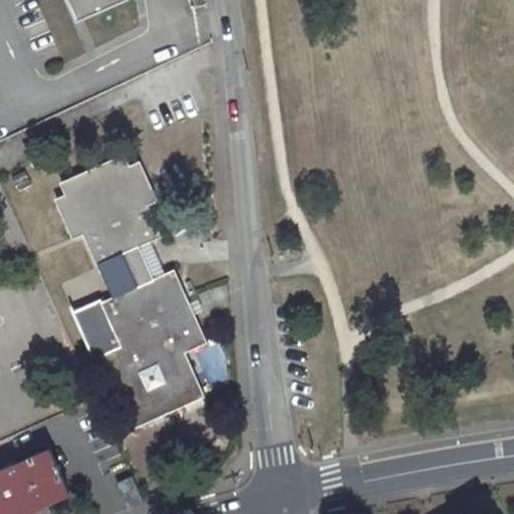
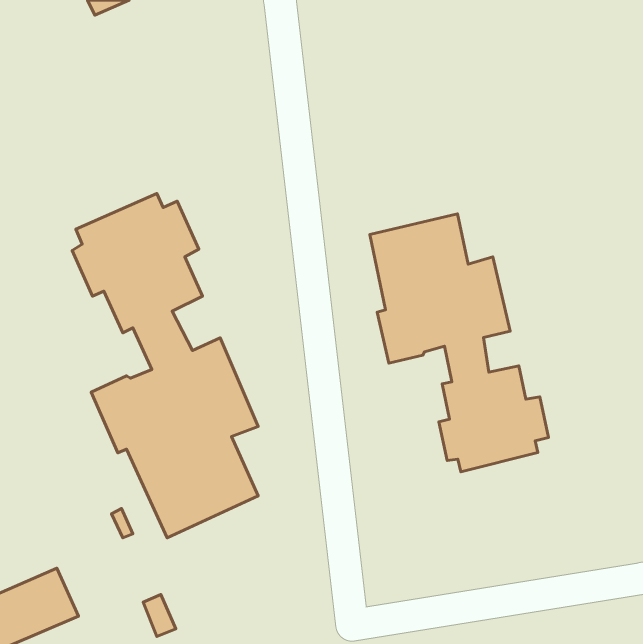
building: none -> [370,214,549,472]

